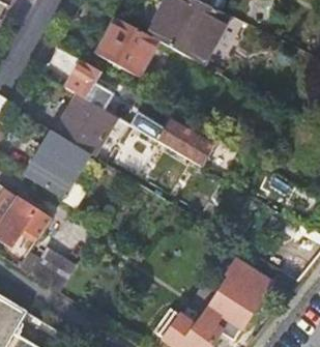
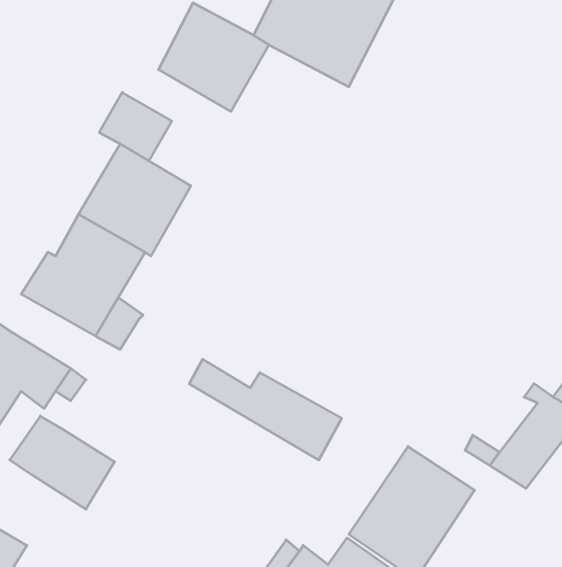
building: [132,111,214,166] -> [189,359,342,460]

